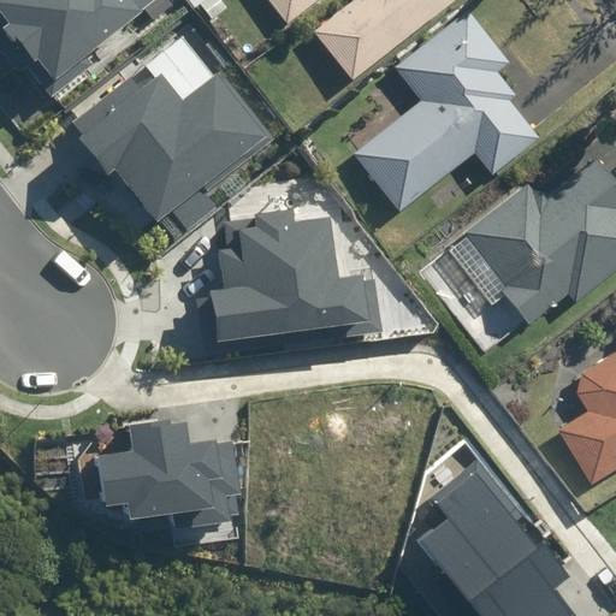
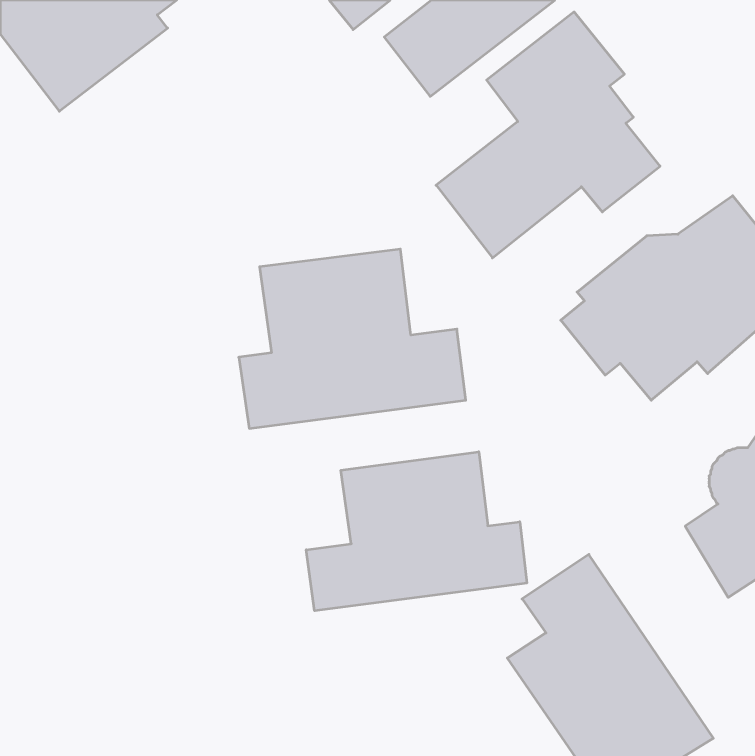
building: [75,41,262,217] -> none
building: none -> [306,452,527,611]
building: [91,413,238,531] -> none

